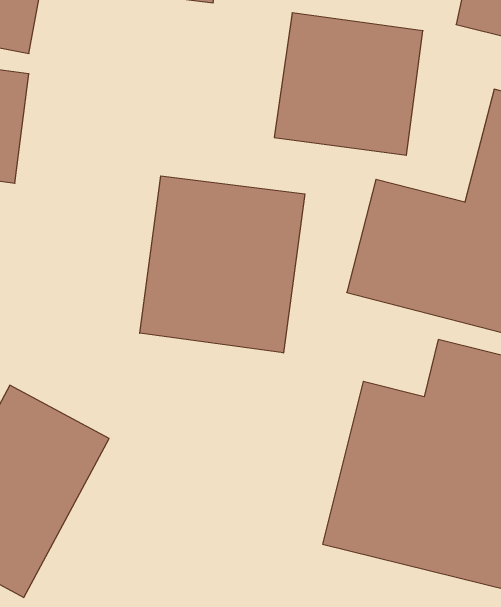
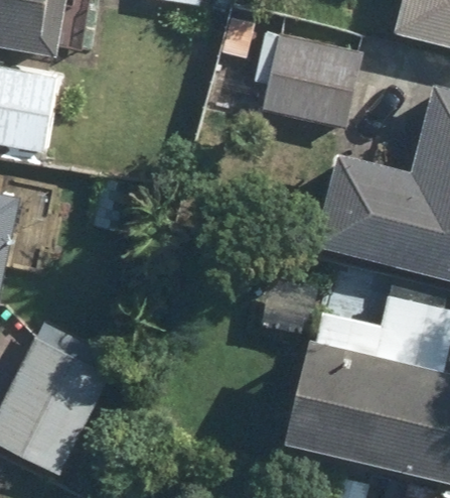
building: [140,176,305,353] -> none

